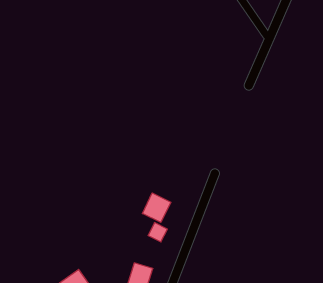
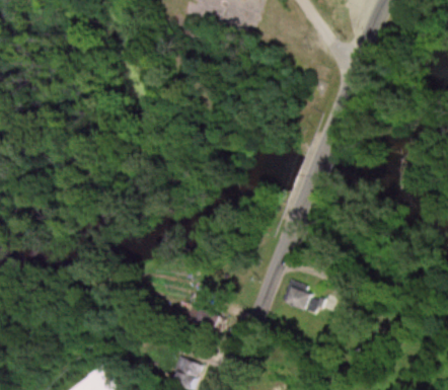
building: [142,193,171,222] -> none
building: none -> [282,282,321,315]

